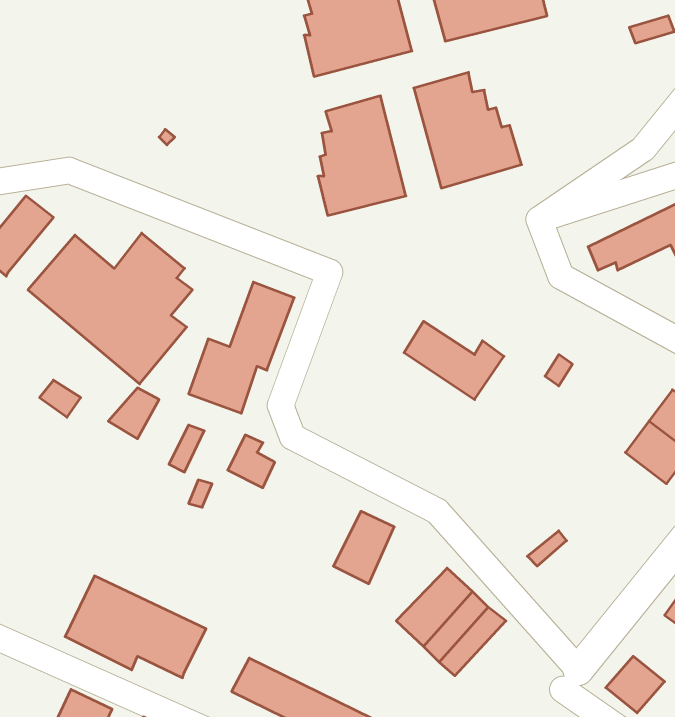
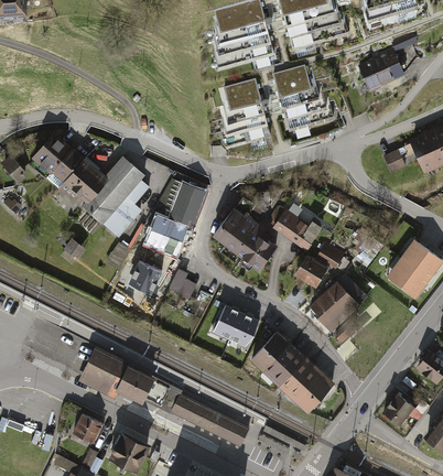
building: none -> [358,51,406,94]
building: none -> [45,147,83,187]
building: none -> [213,198,277,270]
building: none -> [292,240,345,289]
building: none -> [309,280,360,332]
building: none -> [208,302,244,343]
building: none -> [250,332,292,374]
building: none -> [296,374,336,414]
building: none -> [144,378,183,415]

